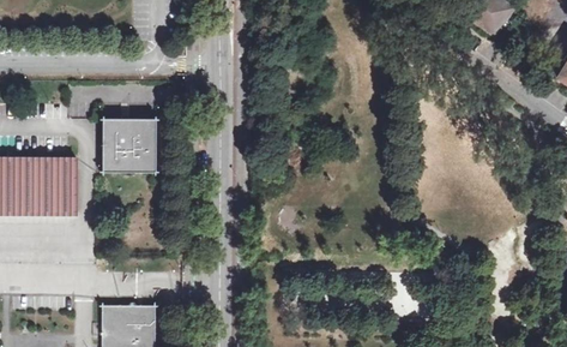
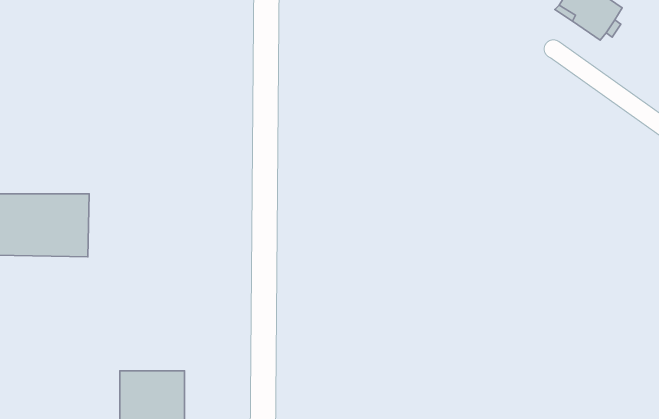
building: [103,119,156,173] -> none

